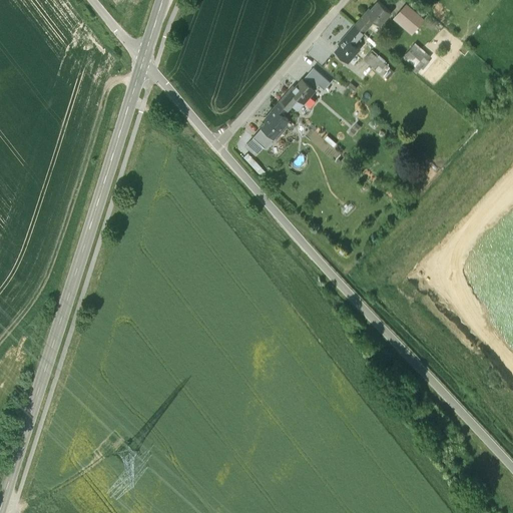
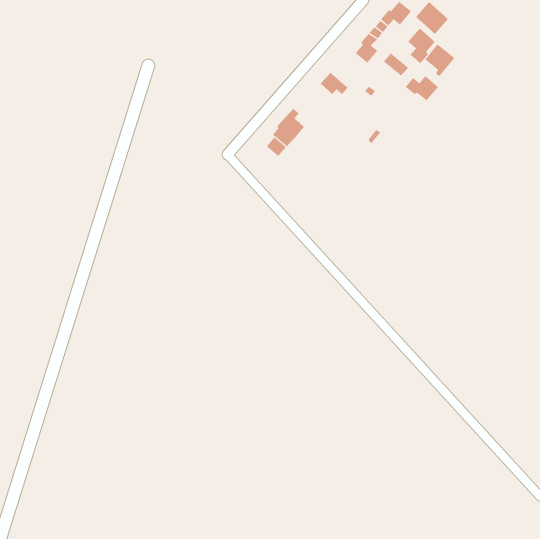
building: none -> [408,28,435,64]
building: none -> [405,75,439,101]
building: [279,81,315,112] -> none

